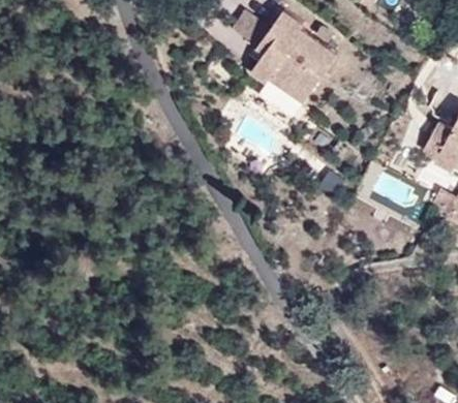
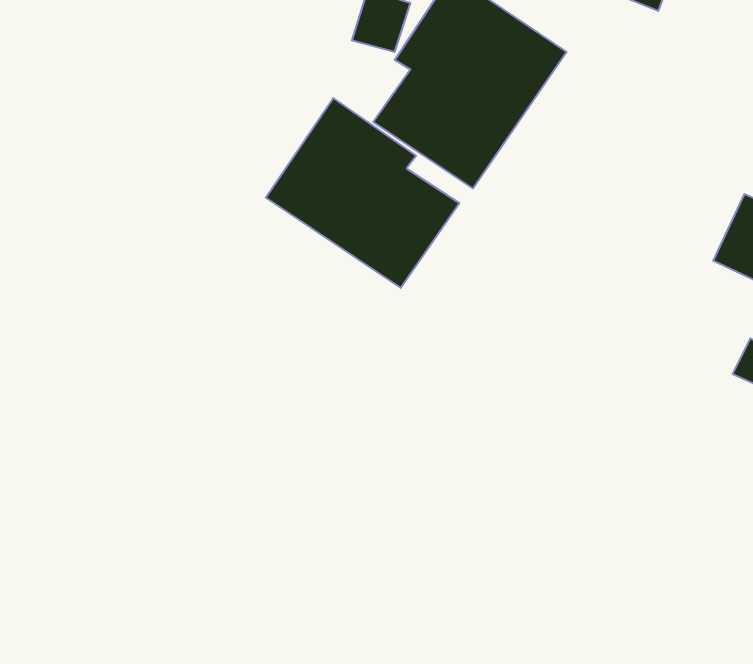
building: none -> [266,98,459,288]

